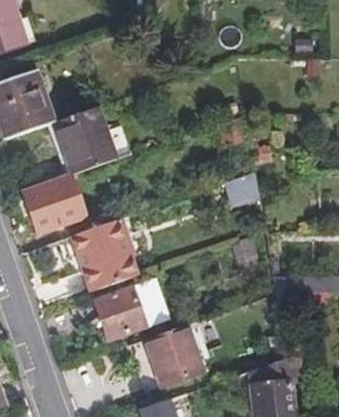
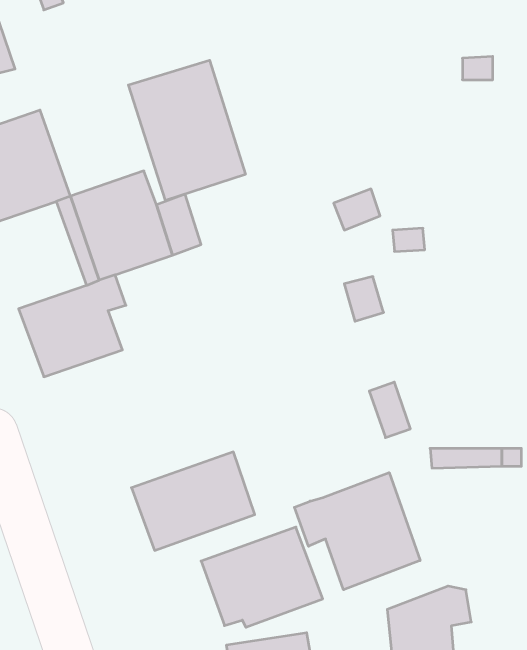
building: none -> [128,60,245,201]
building: [70,221,137,294] -> none
building: none -> [294,473,420,590]

